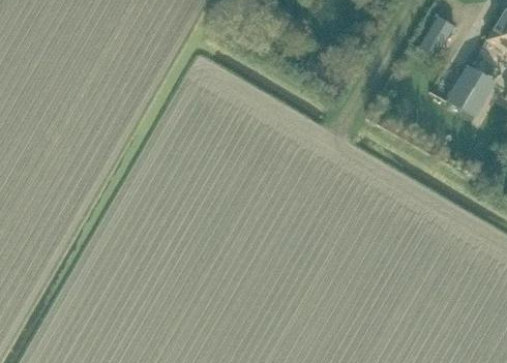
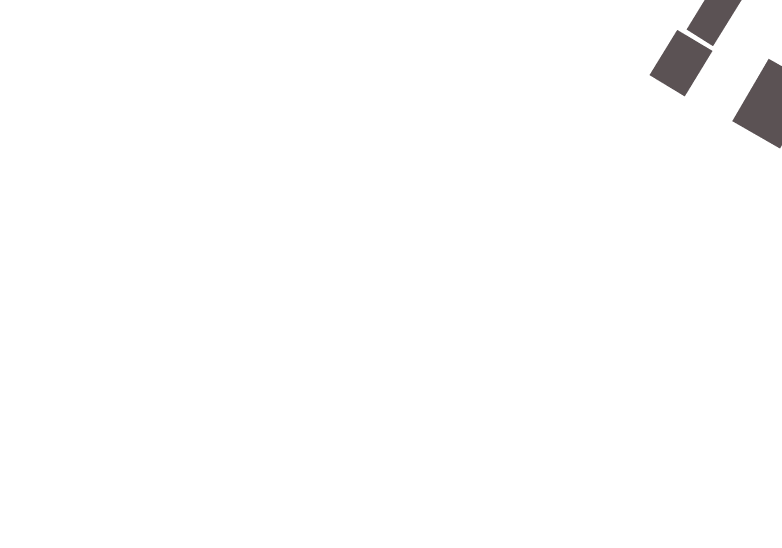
building: none -> [648,29,713,97]

